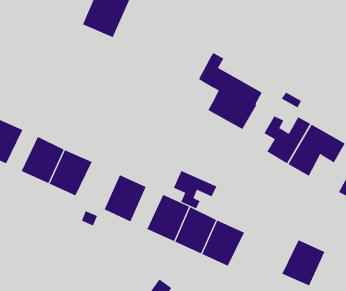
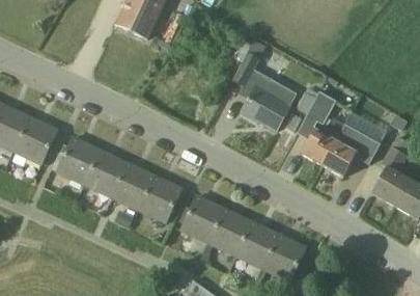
building: none -> [110,163,153,211]
building: [173,170,217,209] -> none
building: [282,240,325,286] -> [262,234,306,280]

